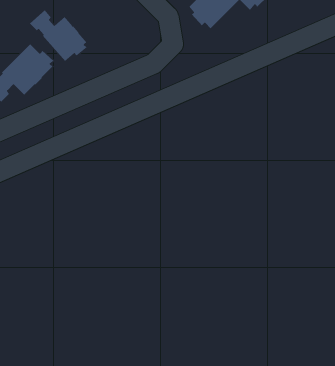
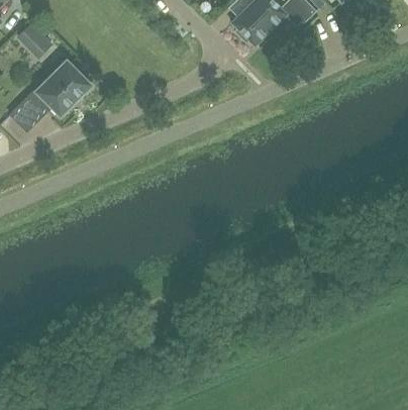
building: [29,10,88,62] -> none

